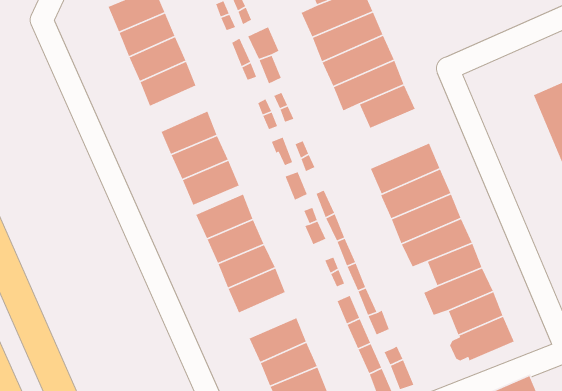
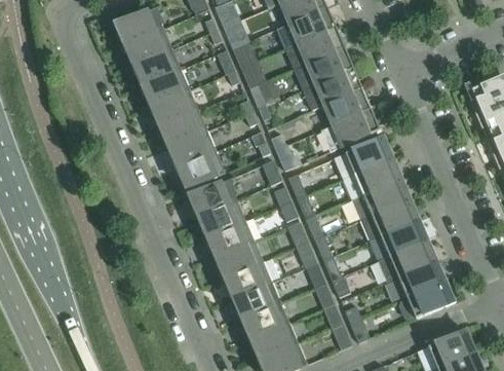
building: none -> [151,89,199,127]
building: none -> [321,109,381,151]
building: none -> [225,261,273,299]

